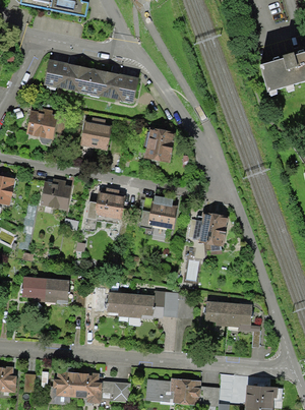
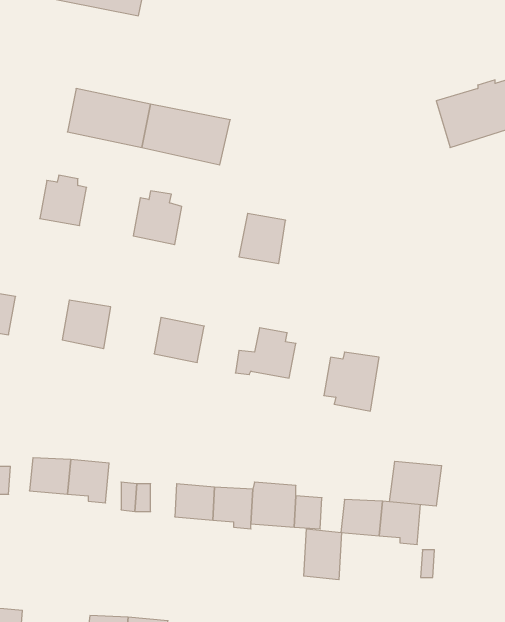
building: none -> [390,461,442,506]
building: none -> [304,529,342,580]

